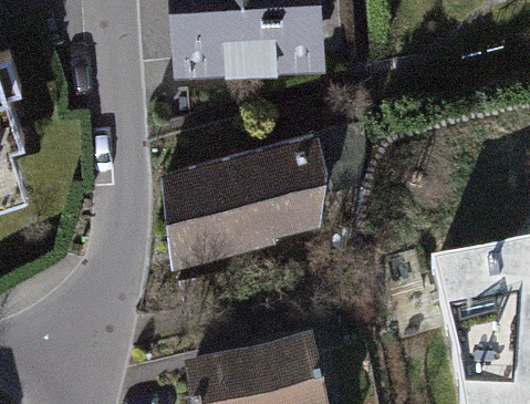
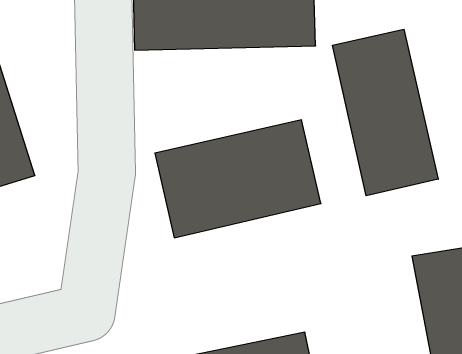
building: none -> [333,29,438,196]

